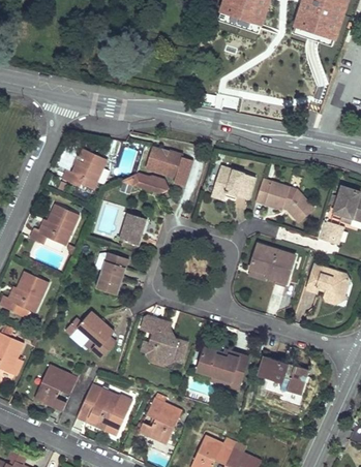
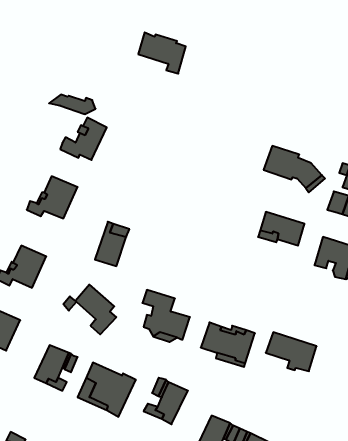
building: [146,145,191,184] -> [138,32,186,74]
building: [211,165,255,199] -> none
building: [121,173,166,191] -> [49,95,96,114]
building: [118,211,146,244] -> none

